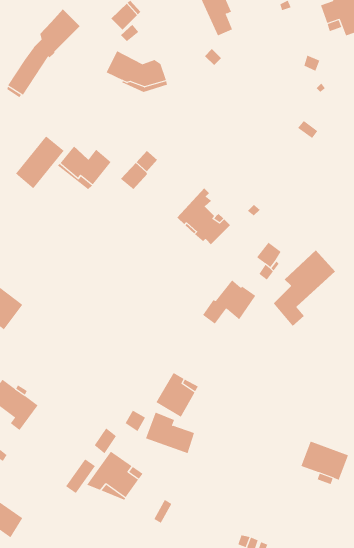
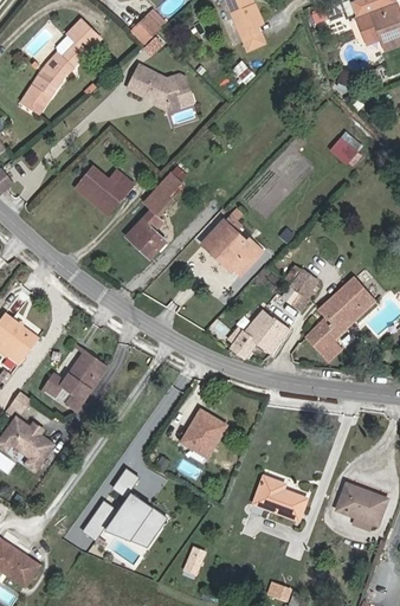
building: [15,135,64,189] -> none
building: none -> [125,209,164,257]
building: none -> [43,353,105,408]
building: [145,412,195,454] -> [252,475,305,520]

